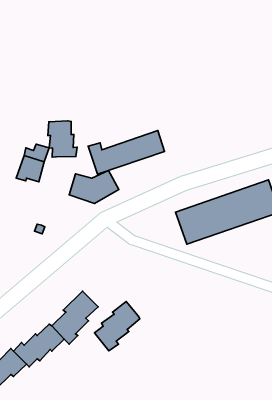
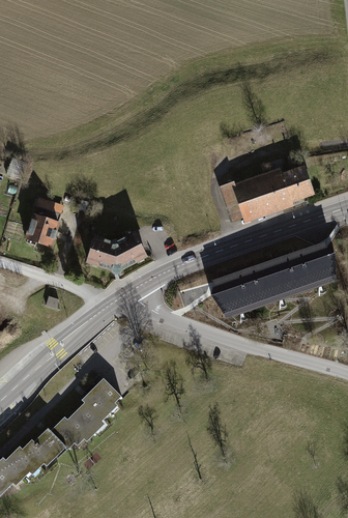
building: [48,121,77,157] -> none
building: [88,131,165,174] -> [218,167,309,219]
building: [94,302,140,351] -> none

